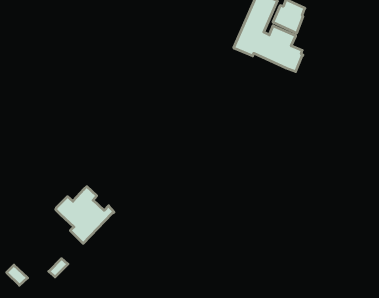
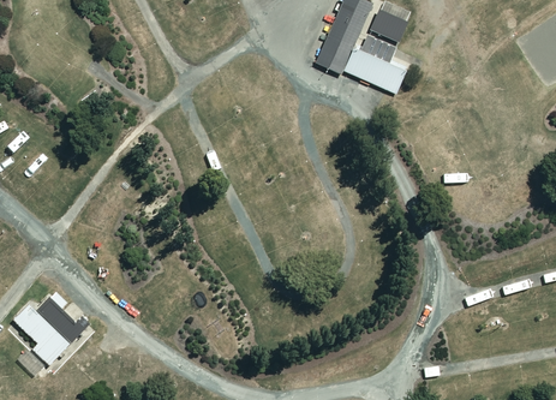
building: [56,187,114,243] -> [14,289,91,364]

